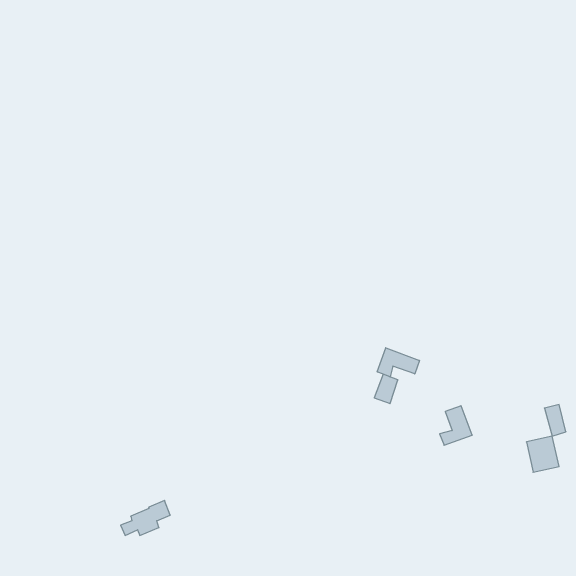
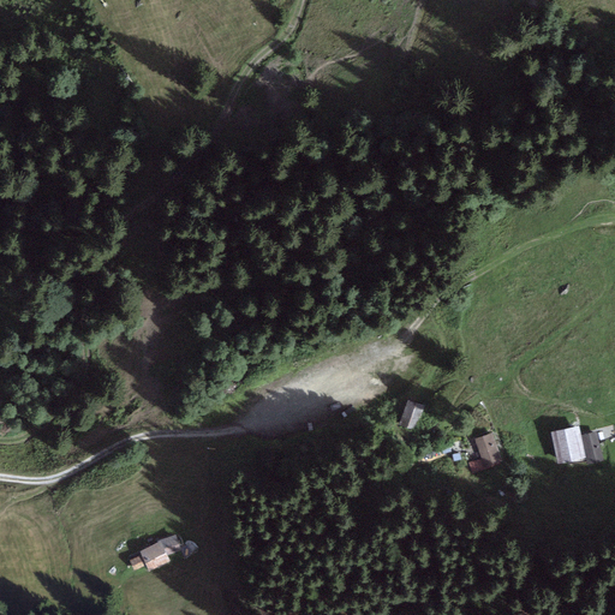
building: [377,348,419,377] -> none
building: [526,436,559,472] -> [550,425,585,464]

